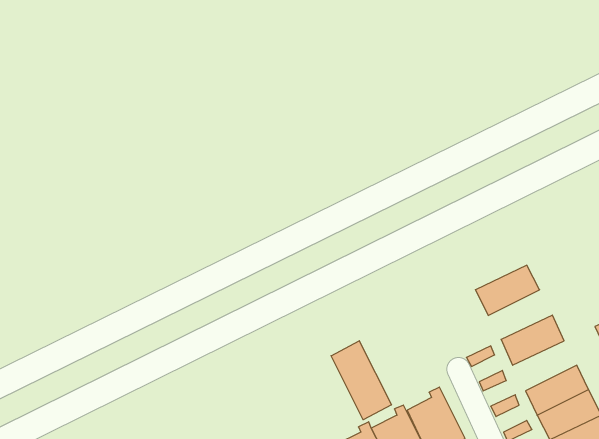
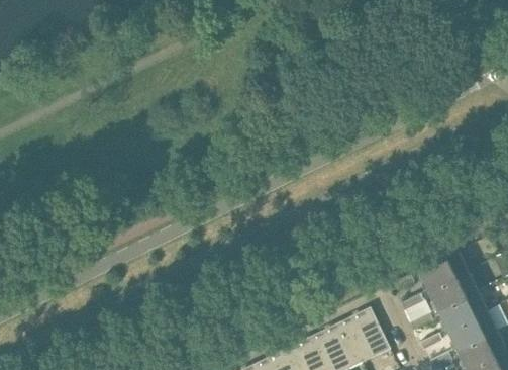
building: [475,265,540,315] -> [427,272,478,311]
building: [331,341,391,420] -> none

